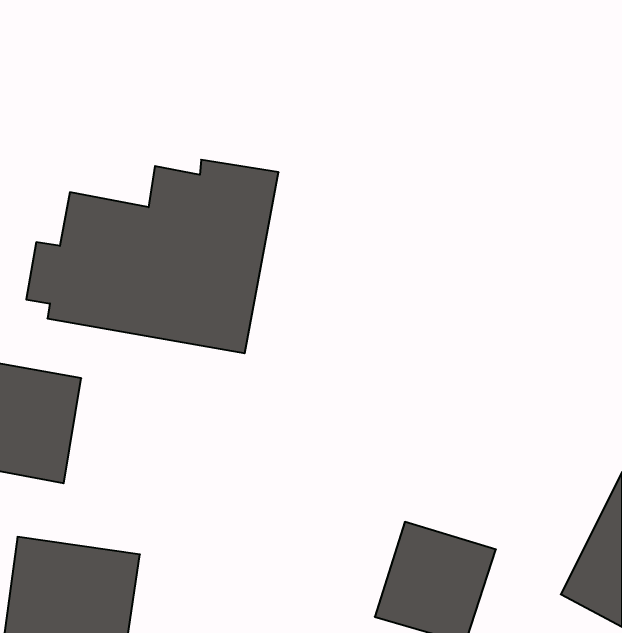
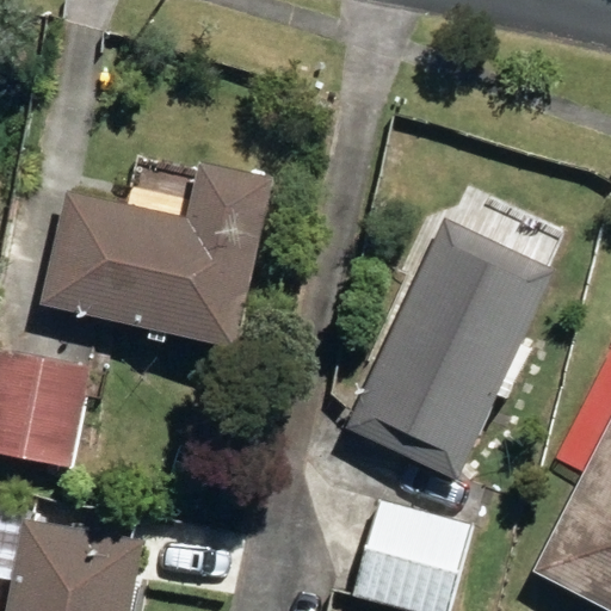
building: none -> [351,218,557,480]

